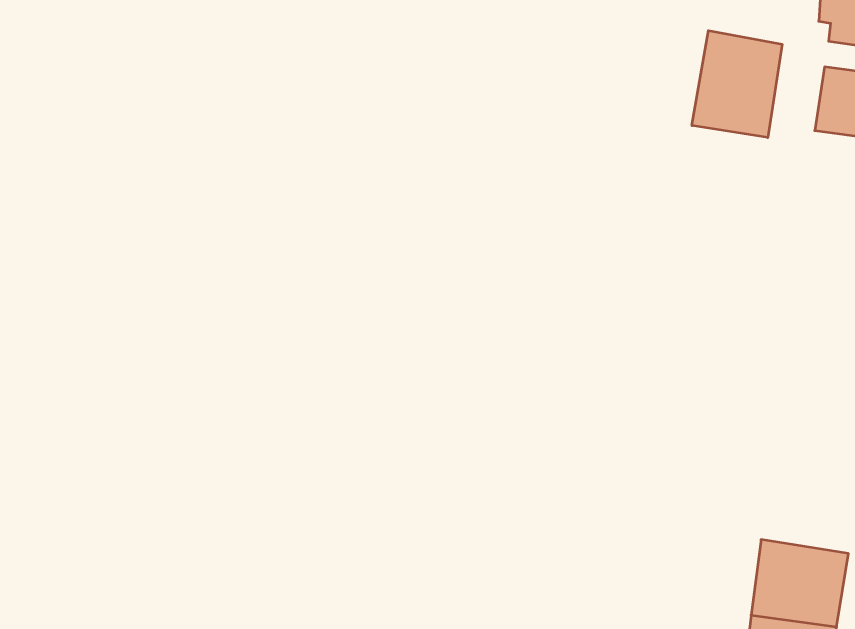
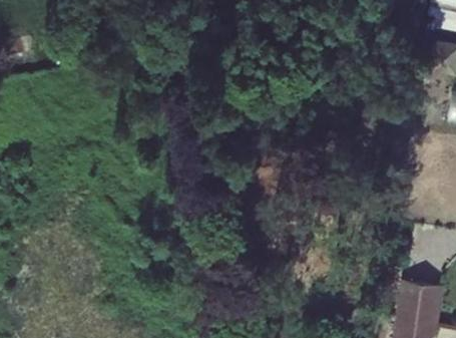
building: [692,31,782,138] -> none

